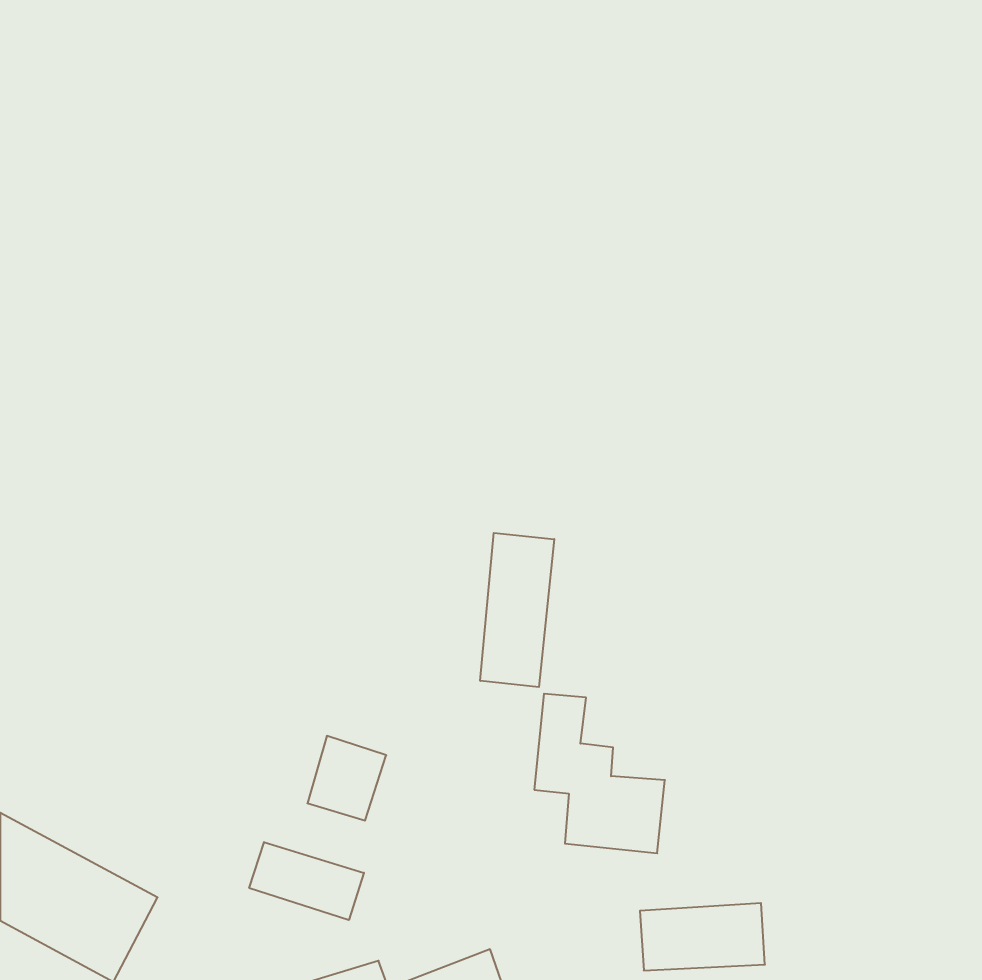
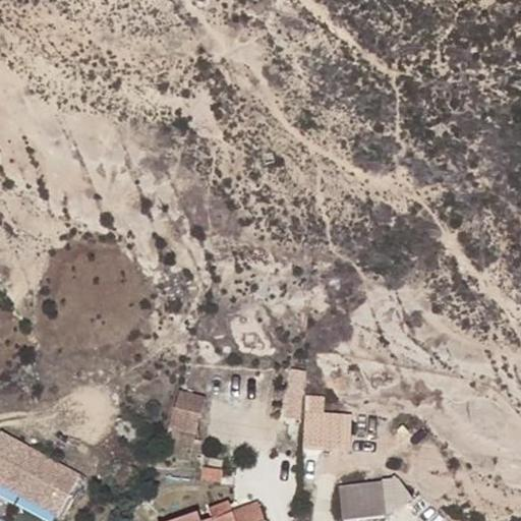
building: [480,533,554,687] -> none
building: [249,842,364,920] -> none

